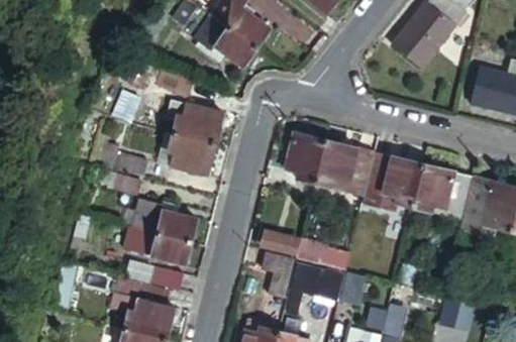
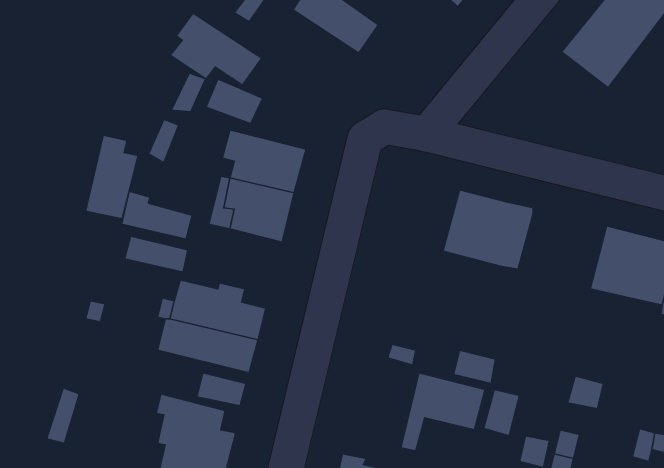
building: [196,17,257,66] -> [170,13,262,85]
building: none -> [85,135,138,219]
building: [270,132,325,183] -> none
building: [363,151,424,208] -> none
building: [262,252,292,297] -> none

